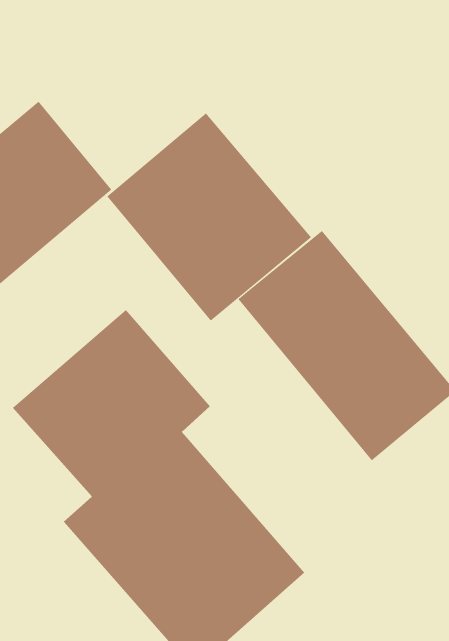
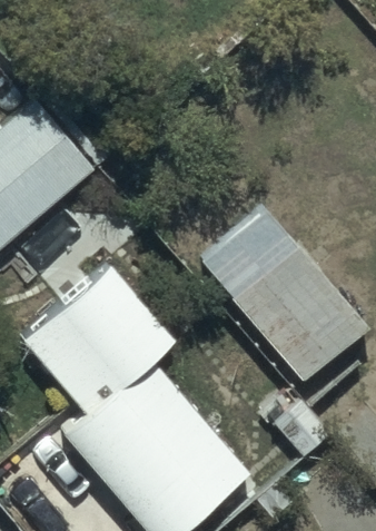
building: [107,112,312,321] -> none

